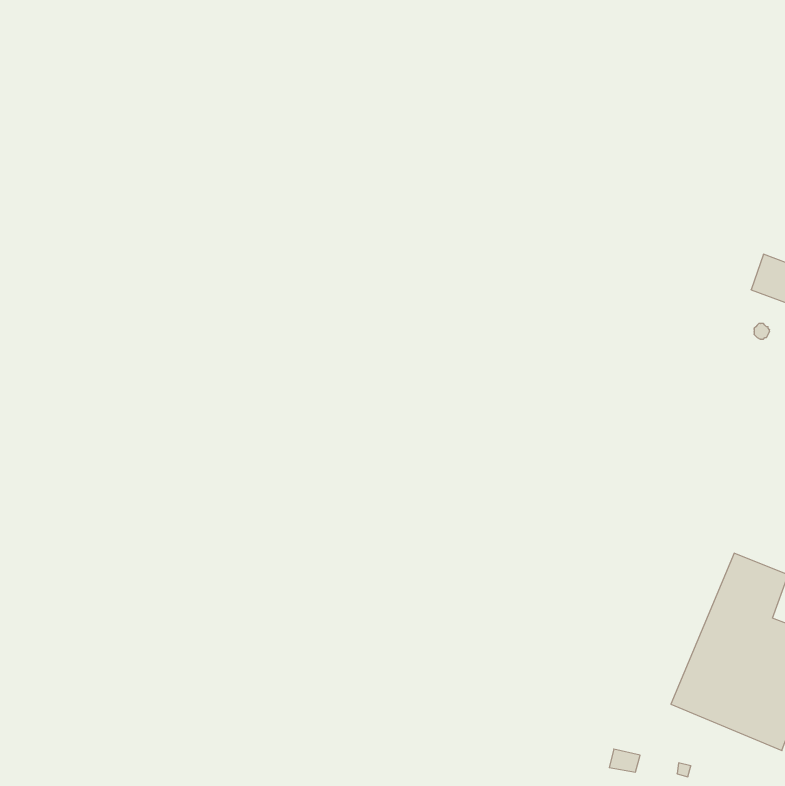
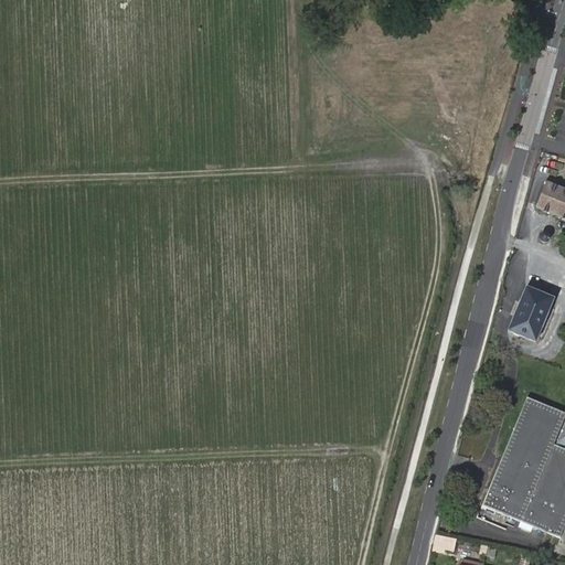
building: none -> [513,287,557,341]

